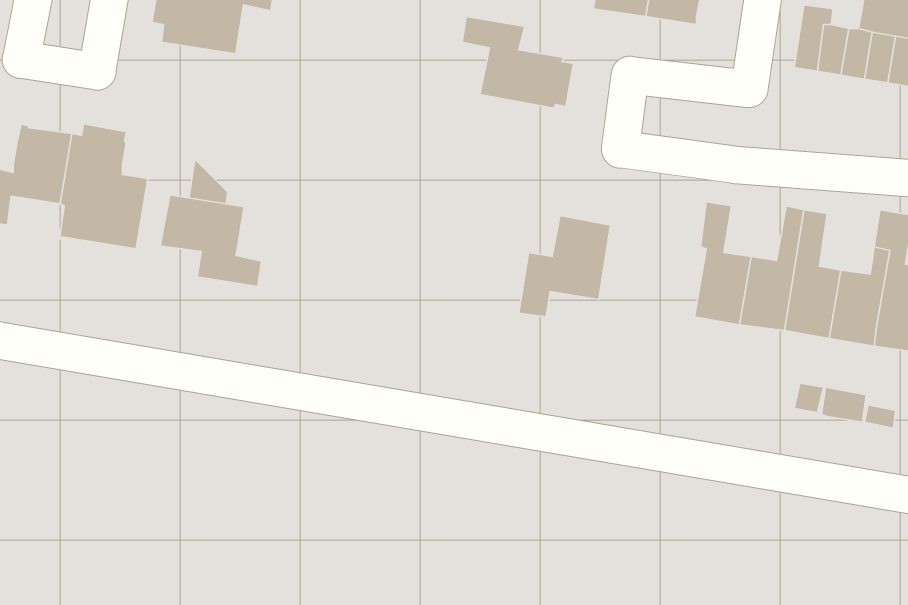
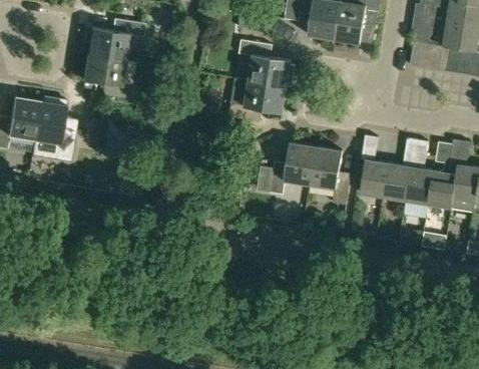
building: none -> [228,78,287,122]
building: [160,195,262,287] -> [80,53,132,100]
building: none -> [310,147,350,206]

